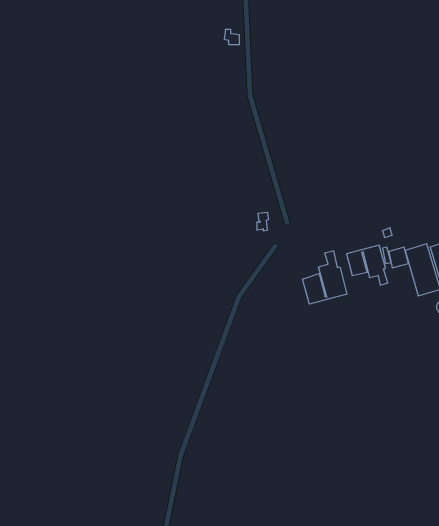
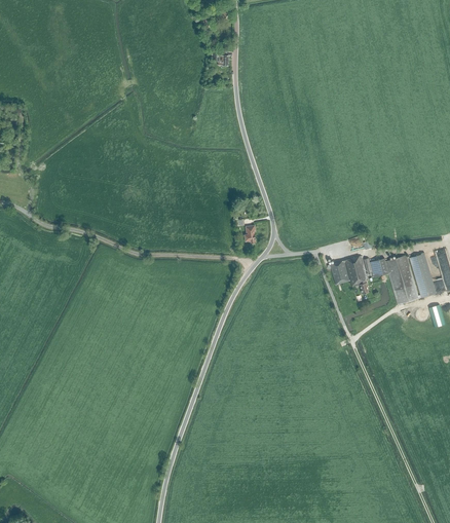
building: [302,251,347,304] -> none

